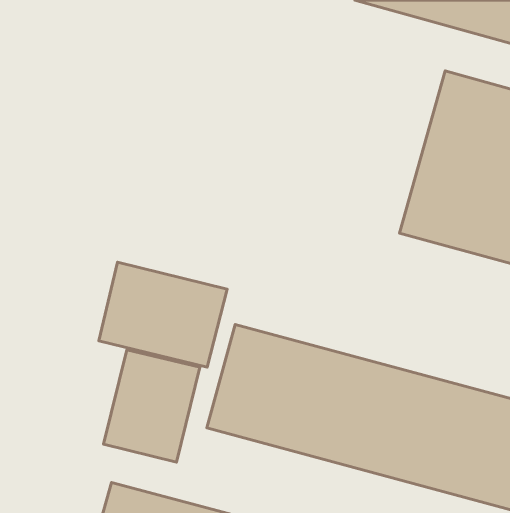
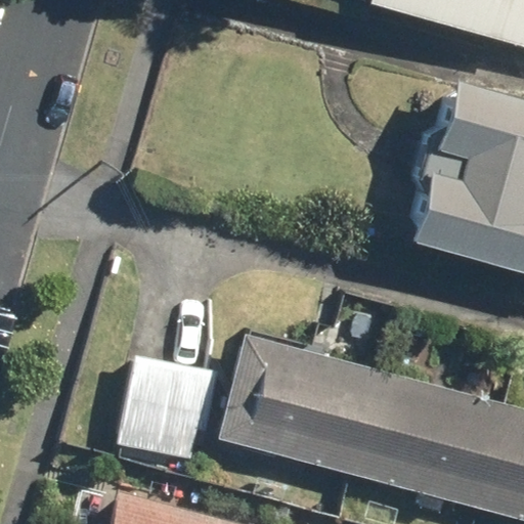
building: [99,262,227,367] -> none

